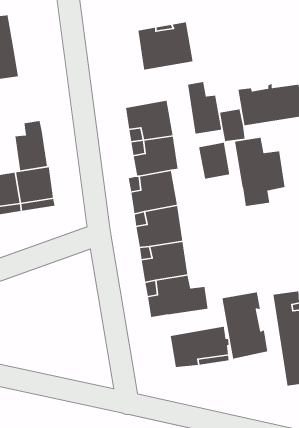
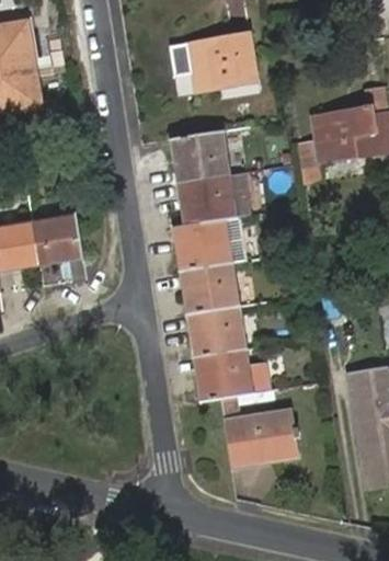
building: [187,81,222,134] -> none
building: [15,120,48,171] -> none
building: [234,137,286,207] -> none
building: [198,142,230,179] -> none
building: [222,291,268,359] -> none

